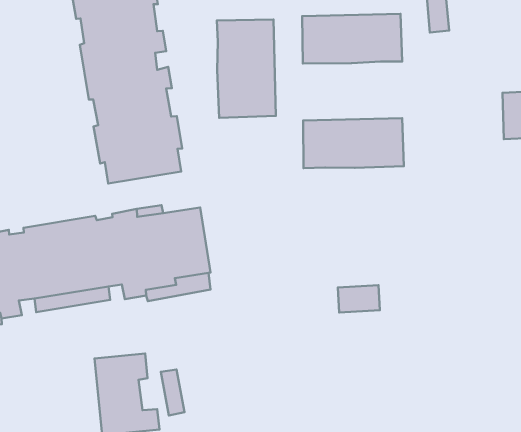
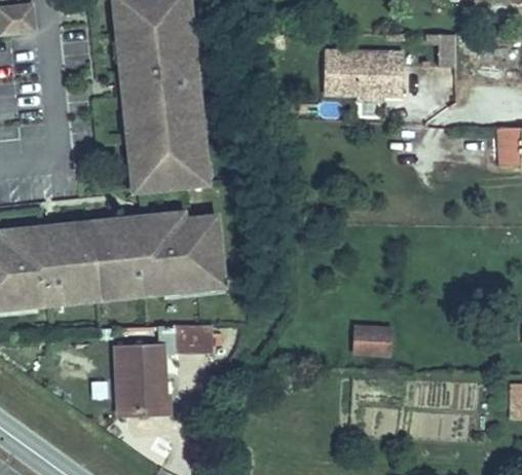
building: [217,20,276,118] -> none
building: [303,118,404,168] -> none
building: [338,285,380,312] -> [357,327,394,350]
building: none -> [179,325,215,355]

